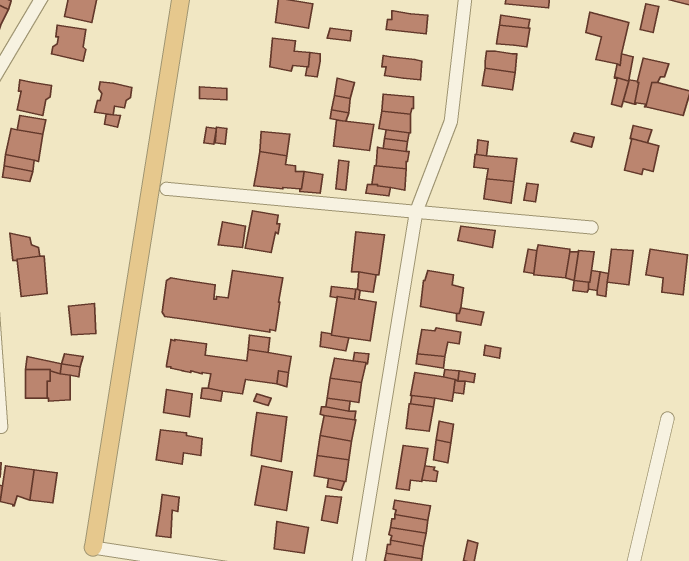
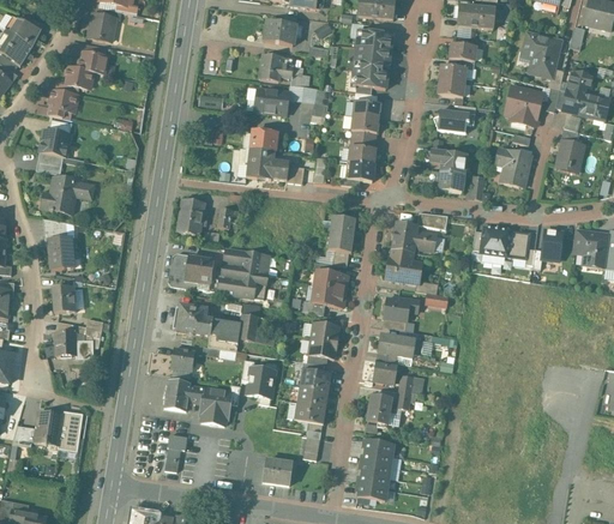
building: none -> [355,47,391,72]
building: none -> [507,85,543,126]
building: [94,82,132,115] -> [62,66,94,94]
building: none -> [434,109,475,132]
building: [334,120,374,150] -> [255,89,289,114]
building: none -> [495,147,531,187]
building: none -> [48,177,95,213]
building: [245,211,280,252] -> [177,199,206,234]
building: none -> [392,222,437,252]
building: [69,303,96,335] -> [53,285,76,312]
building: [255,466,292,510] -> [200,387,231,424]

